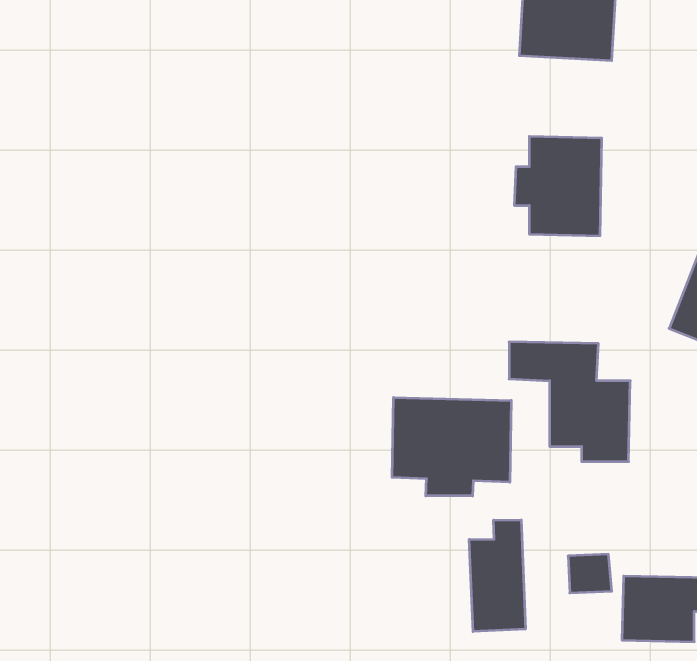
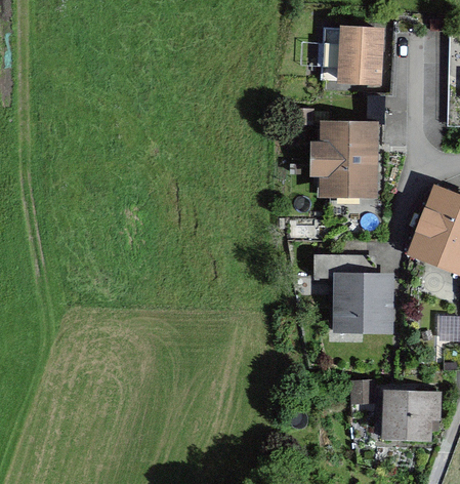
building: [392,397,511,496] -> none
building: [469,520,525,632] -> none

